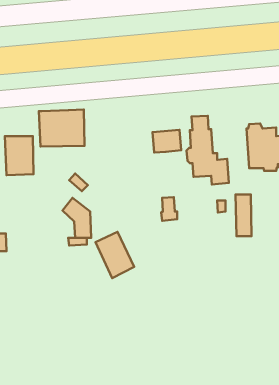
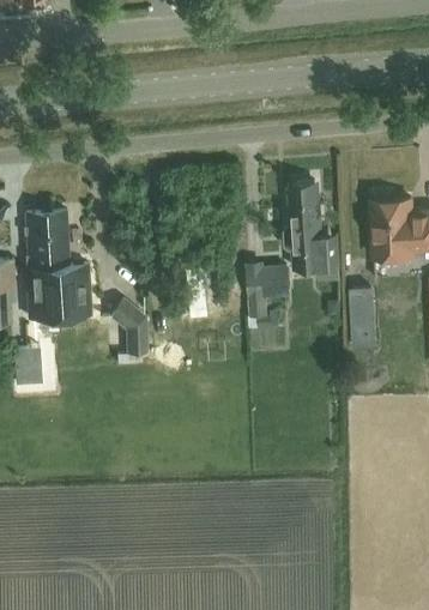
building: [39,109,85,147] -> [25,264,90,316]
building: [152,130,181,153] -> [247,266,288,298]
building: [96,232,134,278] -> none

